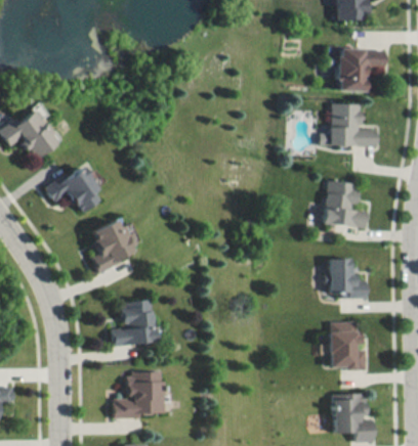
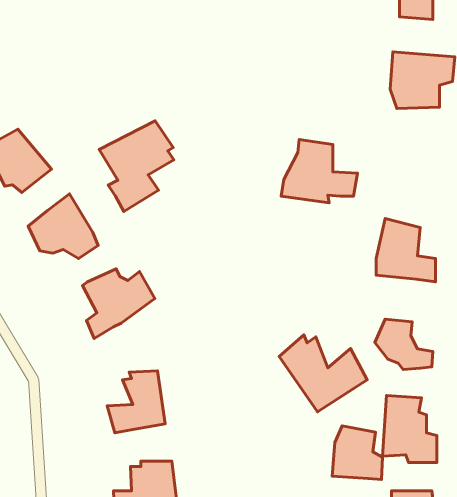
building: none -> [99,121,174,211]
building: [320,102,380,152] -> [281,139,357,203]
building: none -> [279,335,367,412]
building: none -> [332,426,383,479]

